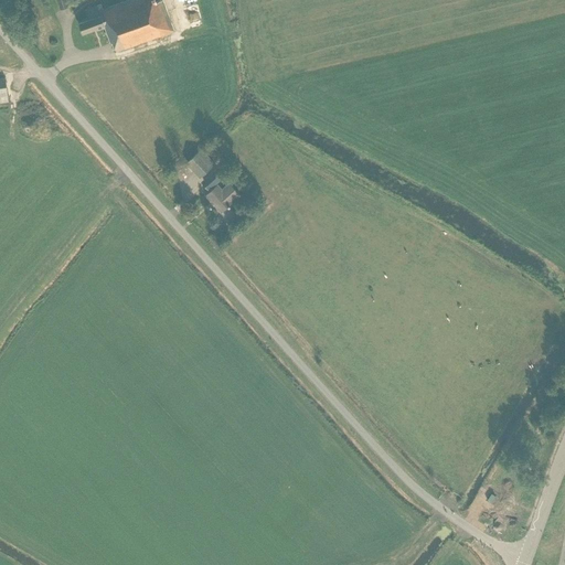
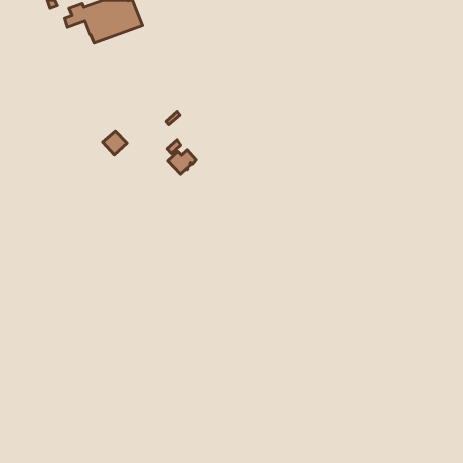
building: [184,150,214,179] -> [103,131,127,155]

